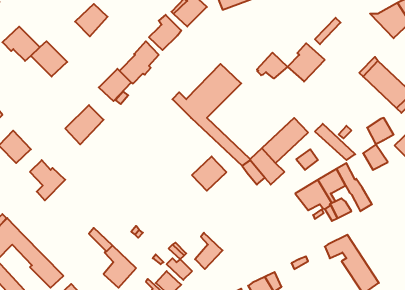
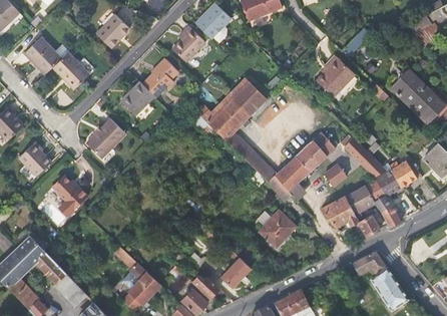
building: [257,53,287,78] -> none
building: [367,118,394,144] -> [375,168,402,195]
building: [192,156,226,191] -> [260,211,295,246]

